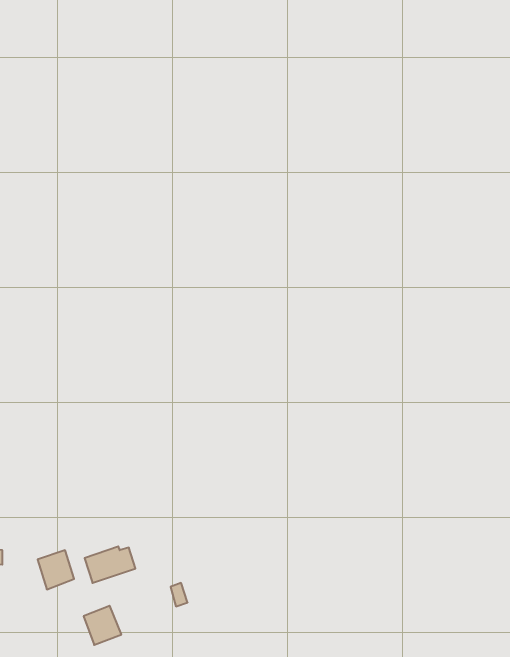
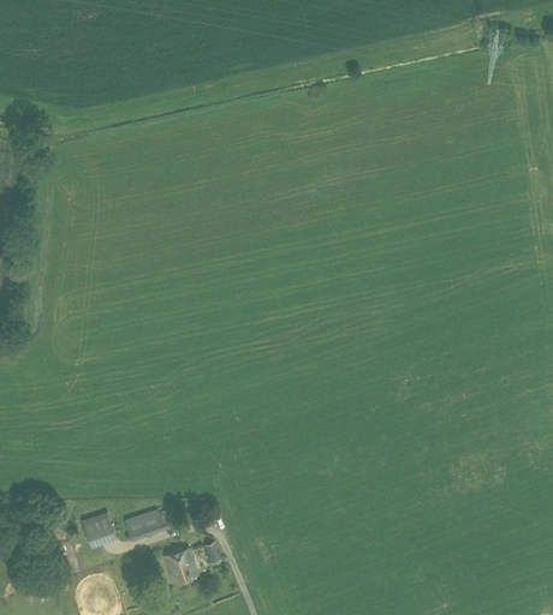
building: [84,606,121,645] -> [163,547,198,583]

